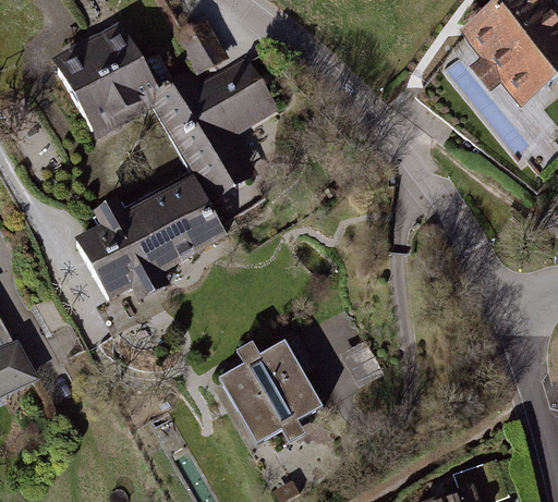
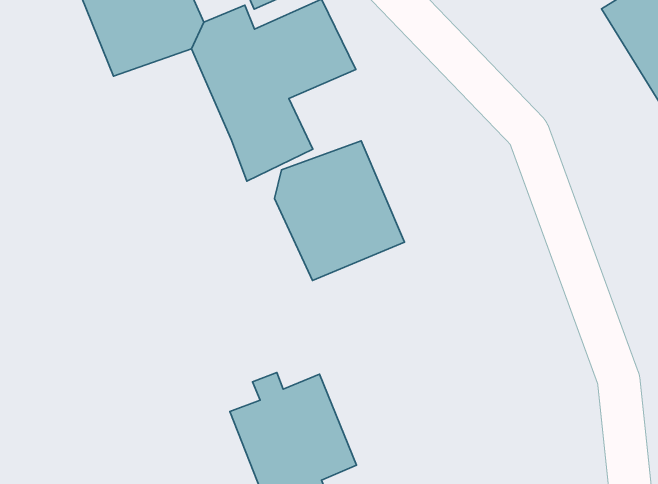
building: none -> [274,141,404,281]
building: [73,171,228,303] -> none

